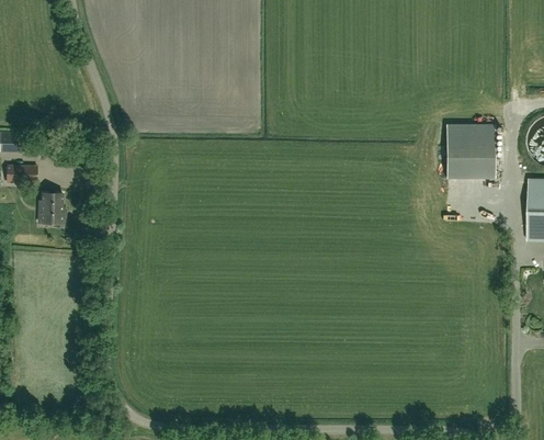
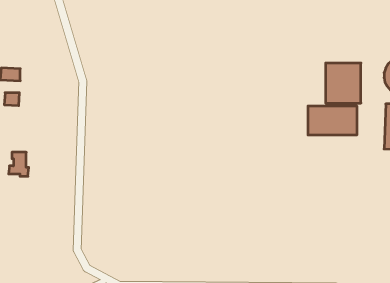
building: none -> [308,106,357,135]
building: [38,193,66,226] -> [9,152,29,176]

